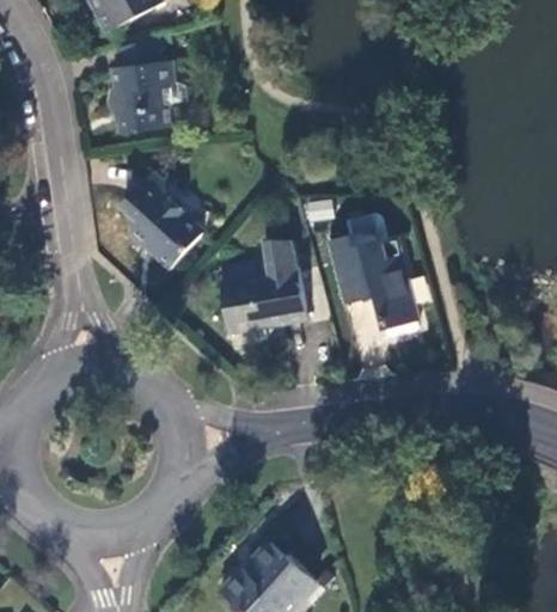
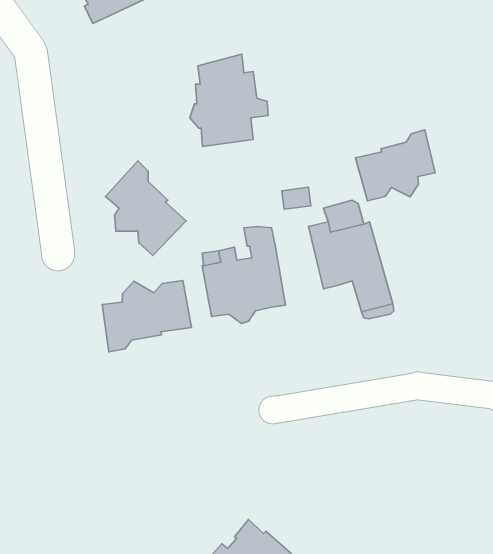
building: [105,36,186,131] -> [190,54,268,147]
building: none -> [356,130,435,201]
building: none -> [102,280,192,352]

